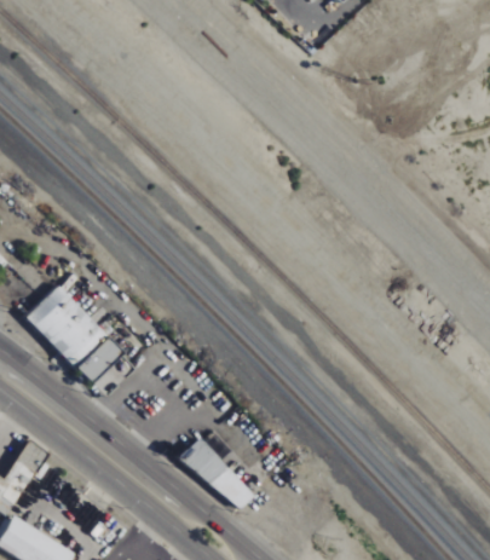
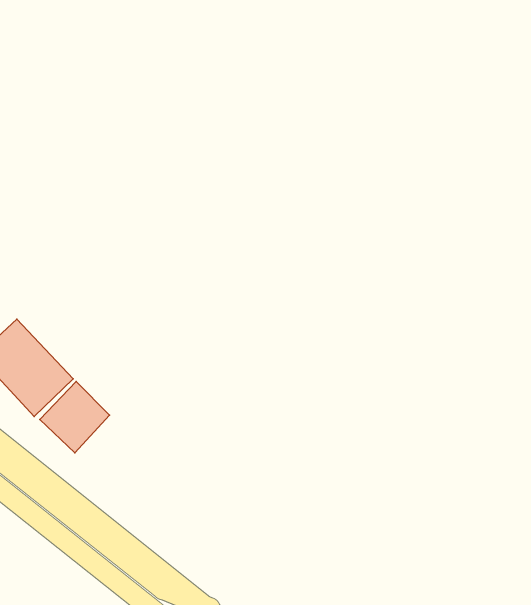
building: [173,434,247,512] -> none

